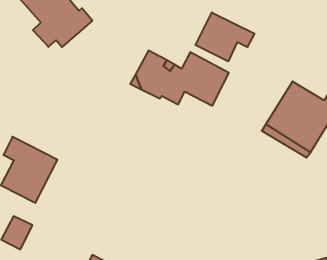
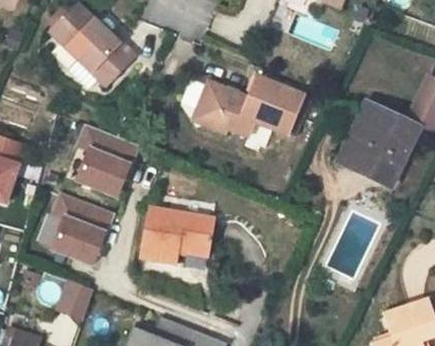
building: [195,12,254,61] -> none
building: none -> [78,125,140,197]
building: none -> [137,214,212,270]

